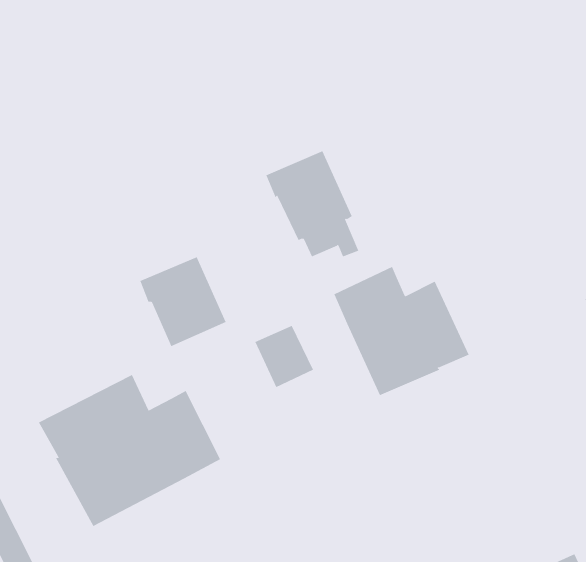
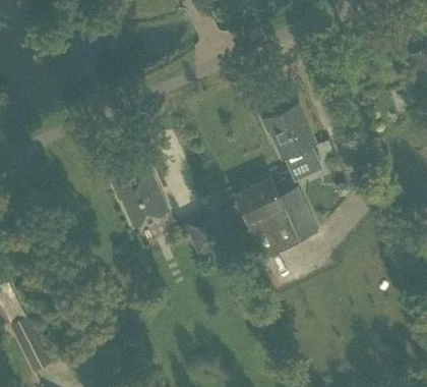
building: [265,151,359,257] -> [263,105,321,171]
building: [38,374,221,527] -> none

